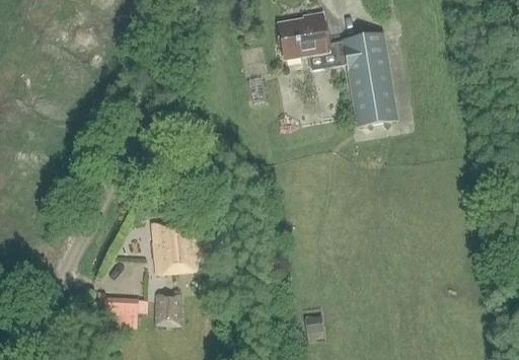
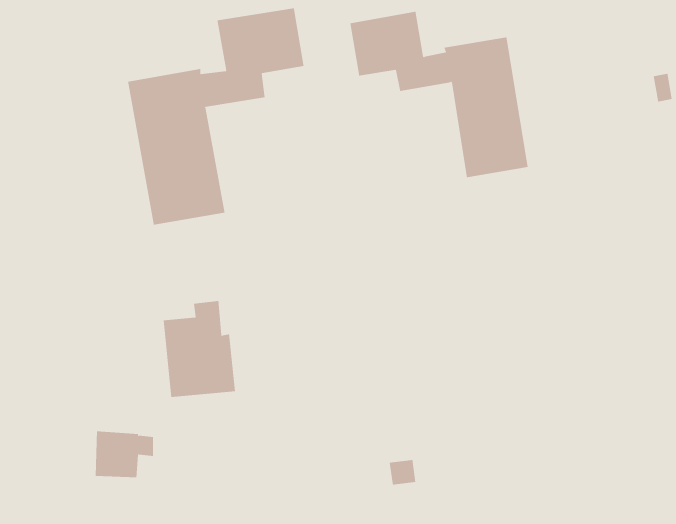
building: none -> [127,8,304,225]
building: [153,293,182,327] -> none

